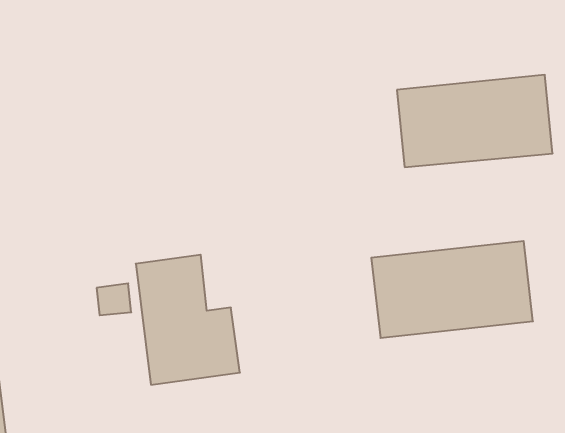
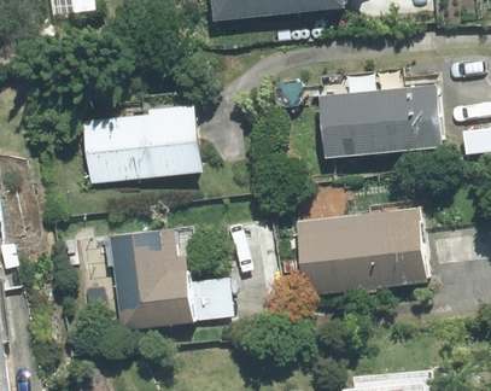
building: none -> [84,104,201,182]

